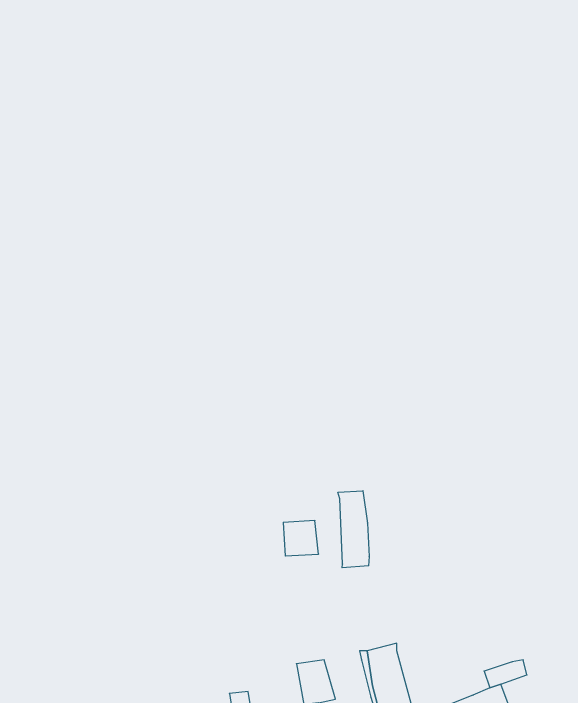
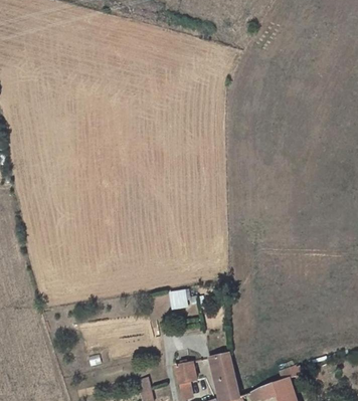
building: [338,491,369,568] -> none

